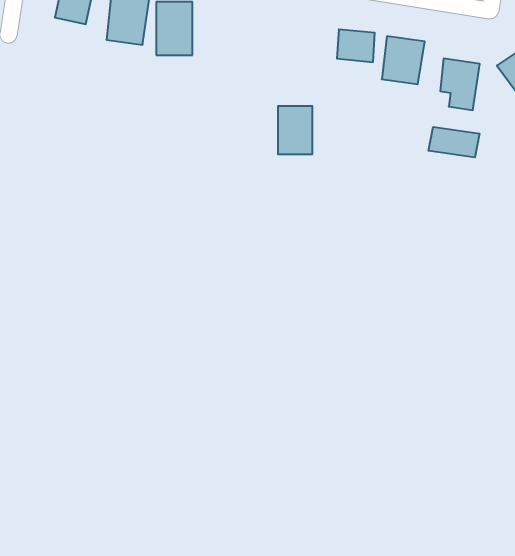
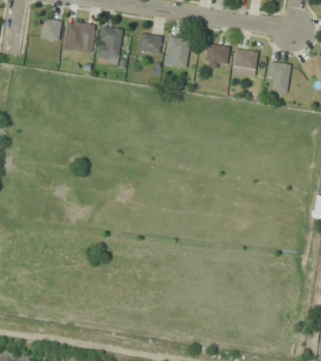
building: none -> [136,32,162,54]
building: [278,106,312,154] -> [168,38,188,66]
building: [428,127,480,157] -> none

